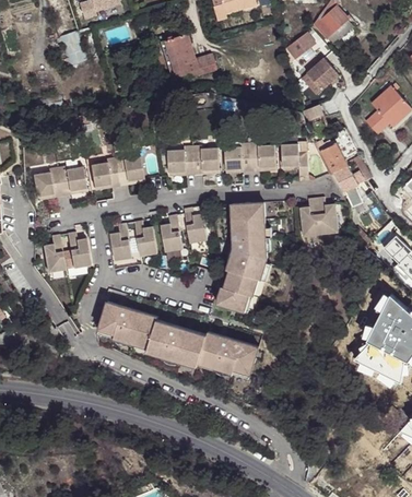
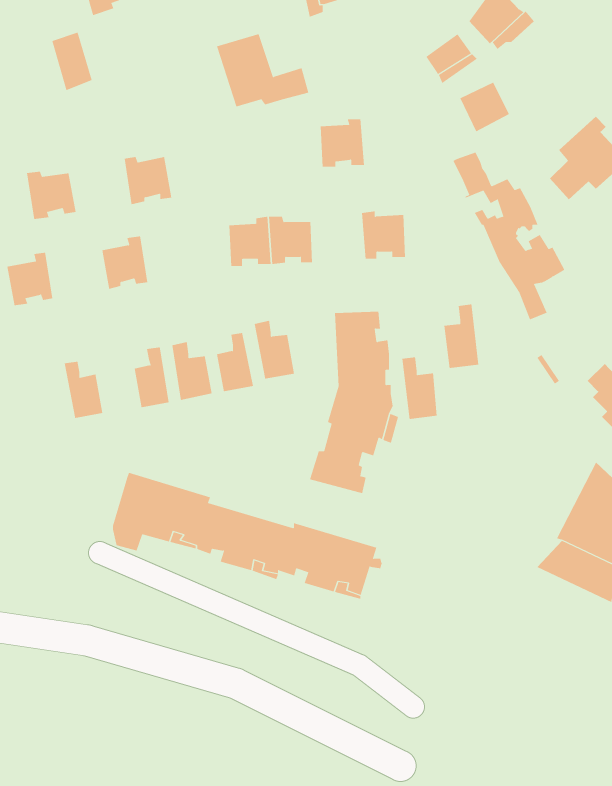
building: [224,142,251,171] -> [320,119,365,167]
building: [282,142,309,179] -> none
building: [115,155,144,185] -> [124,157,172,205]
building: [57,165,87,194] -> [26,171,76,219]
building: [317,197,339,235] -> [402,357,437,419]
building: [44,235,64,272] -> none

